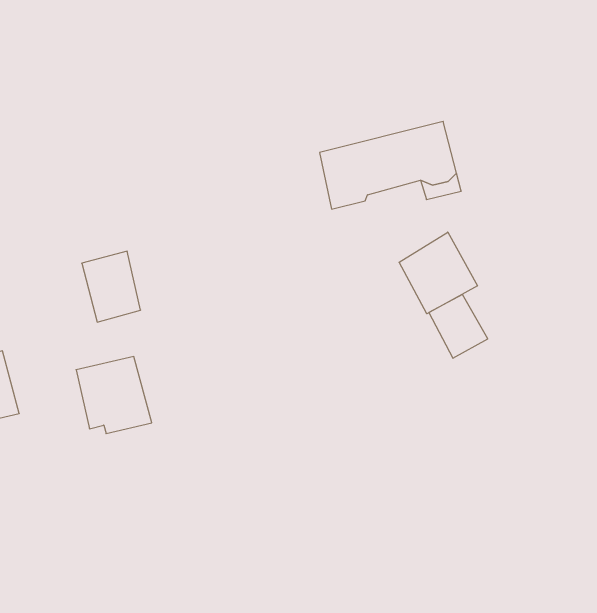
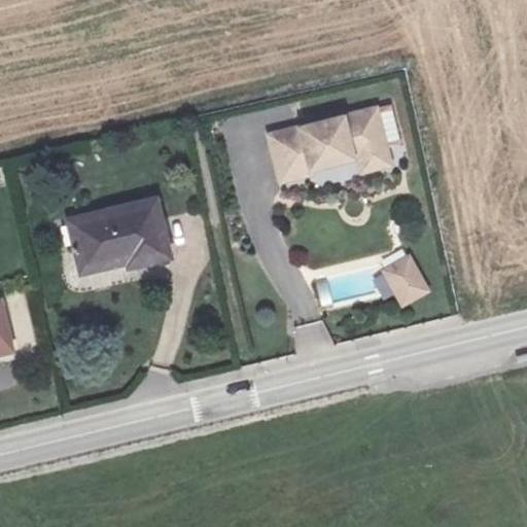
building: [399,232,477,314] -> none
building: [76,357,152,434] -> [109,204,174,270]

